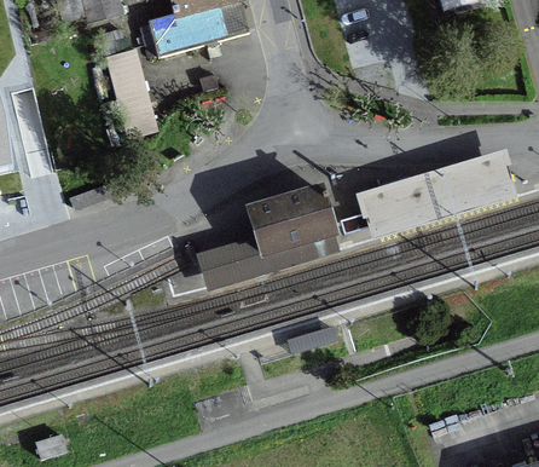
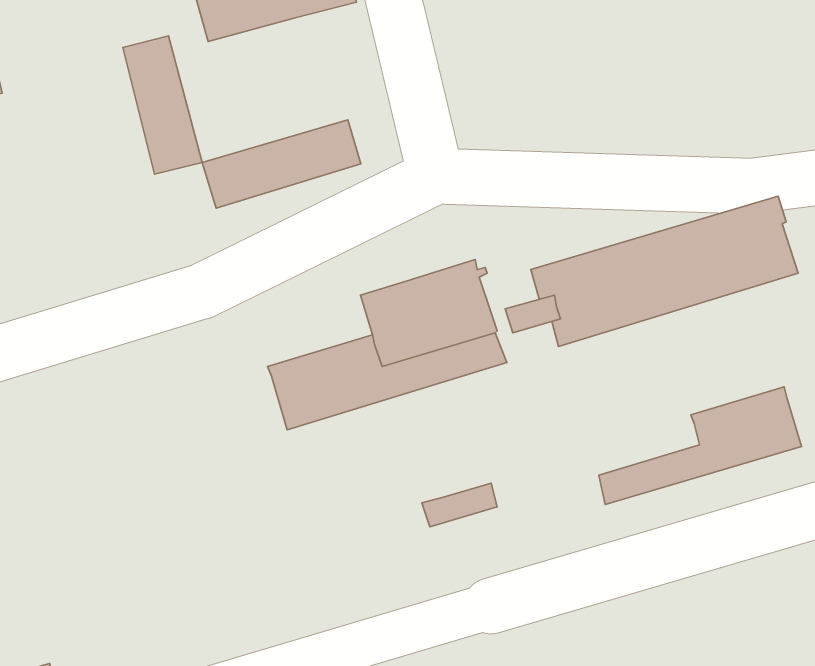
building: none -> [202,120,361,208]
building: none -> [599,387,802,505]

